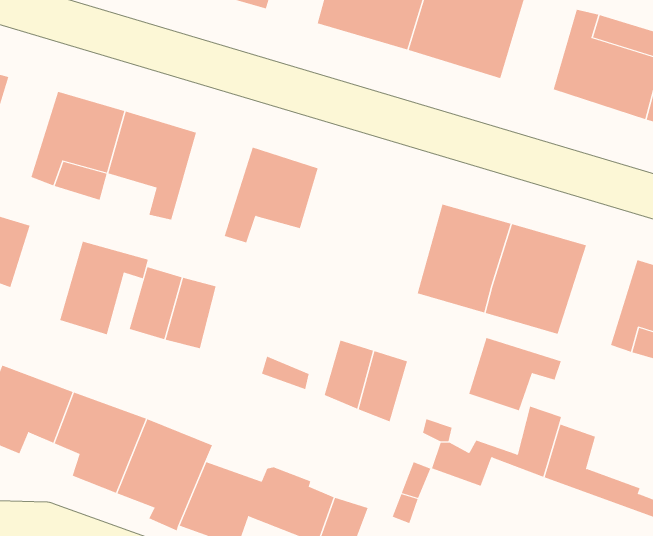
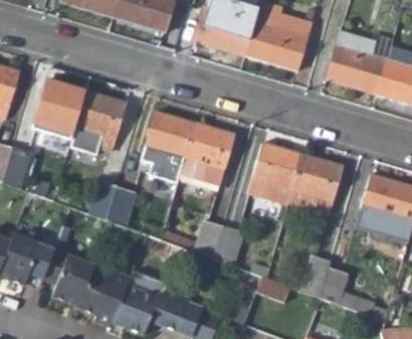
building: none -> [178,123,234,185]
building: [60,241,148,335] -> none
building: [469,337,561,411] -> none

